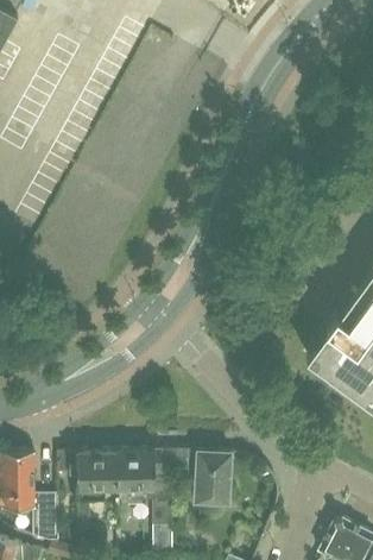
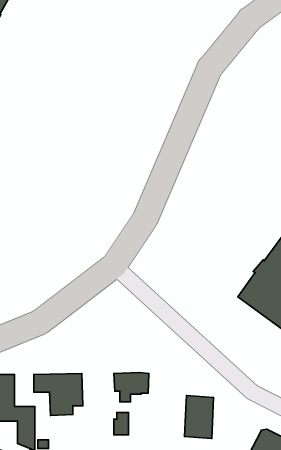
building: [119,459,159,509] -> none
building: [198,459,234,511] -> [184,396,214,438]

